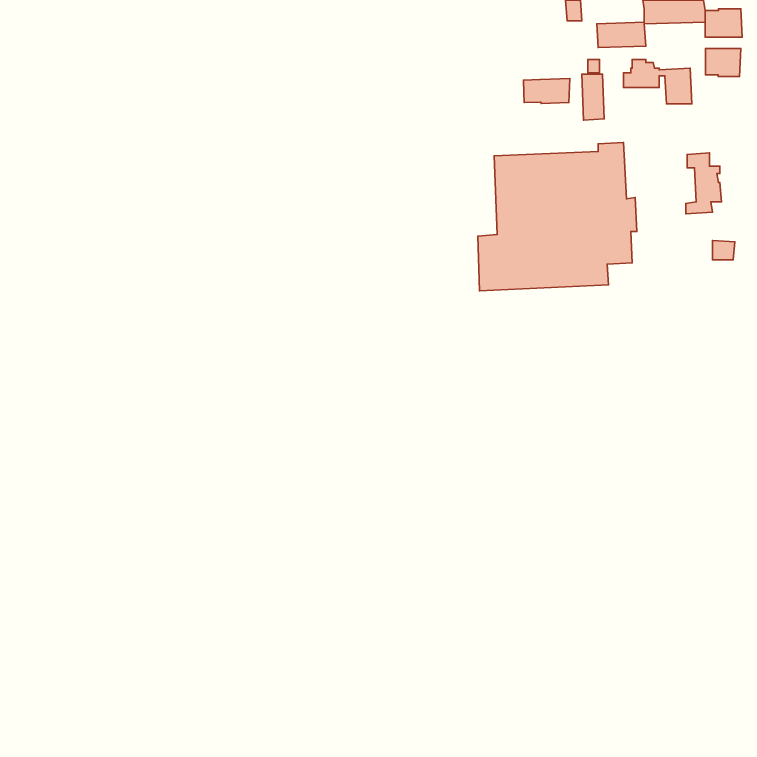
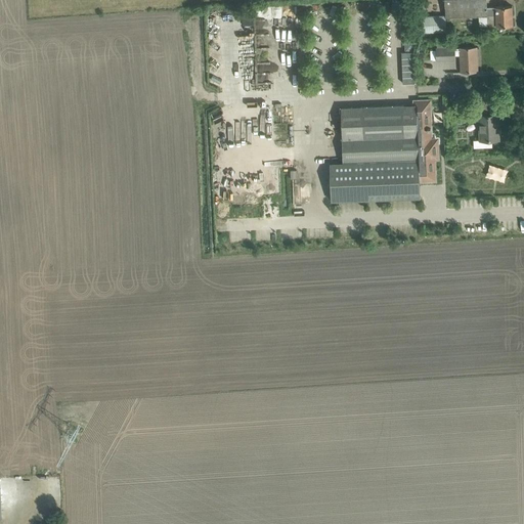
building: [705,49,741,76] -> none
building: [524,79,570,103] -> none

